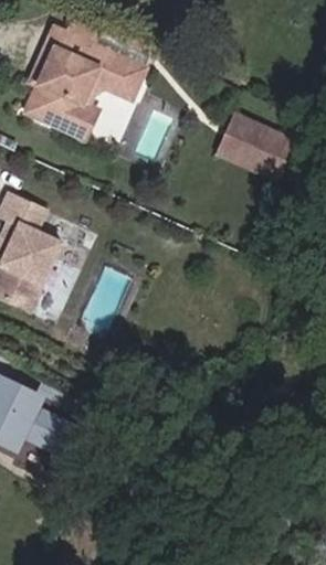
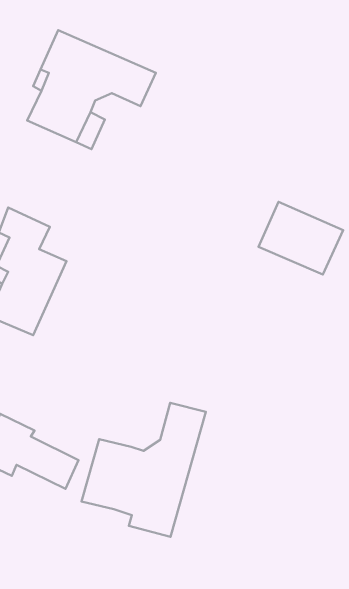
building: [217,107,295,174] -> [258,202,343,274]
building: none -> [82,403,206,537]

